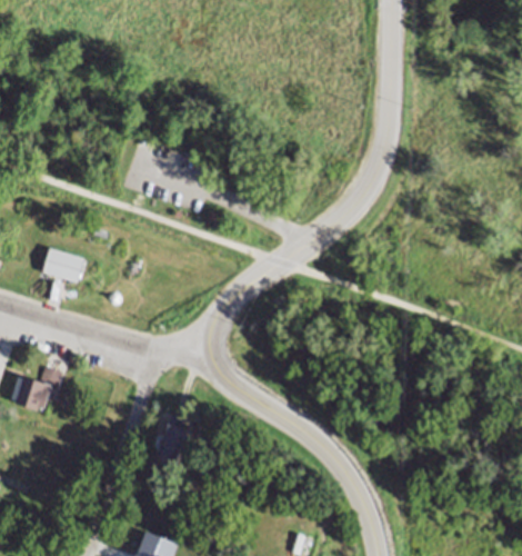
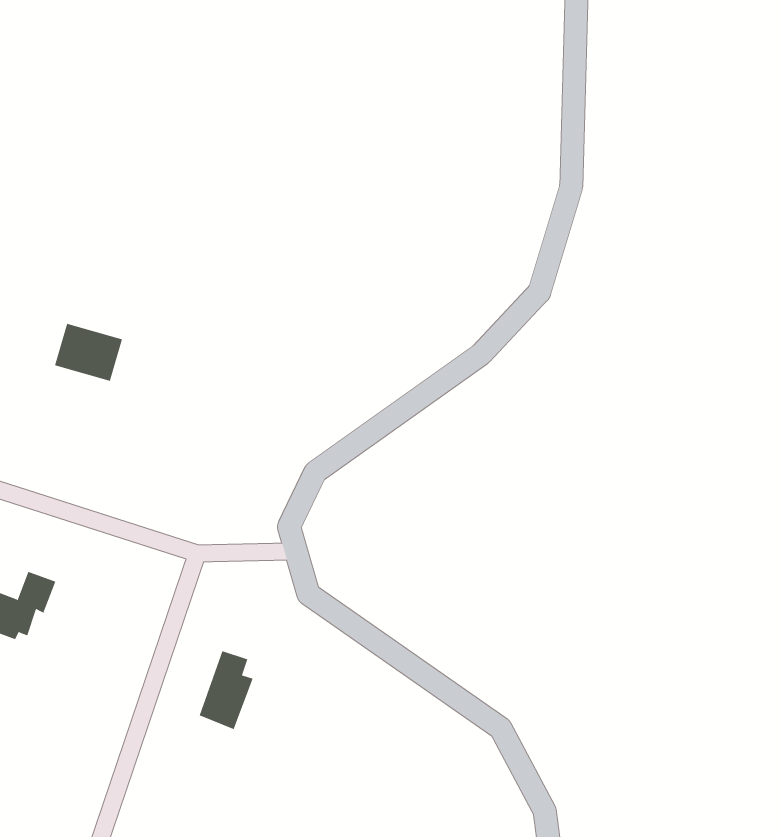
building: [41,249,84,286] -> [54,323,123,381]

